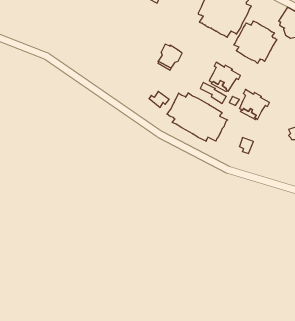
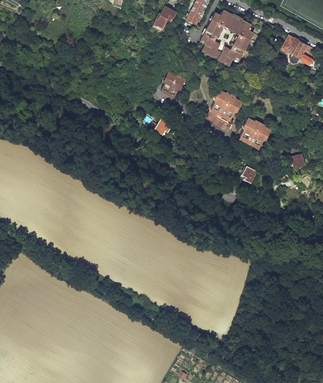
building: [234,21,277,63] -> none
building: [167,93,228,141] -> none

